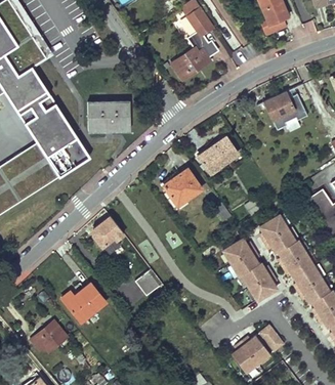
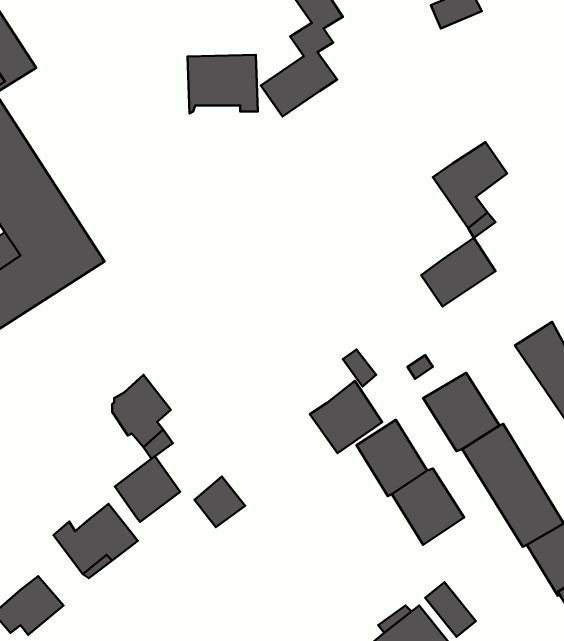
building: [93,99,130,130] -> [187,55,258,113]
building: [199,136,238,172] -> [421,238,495,306]
building: [164,167,202,205] -> [310,381,382,453]
building: none -> [115,456,180,522]

